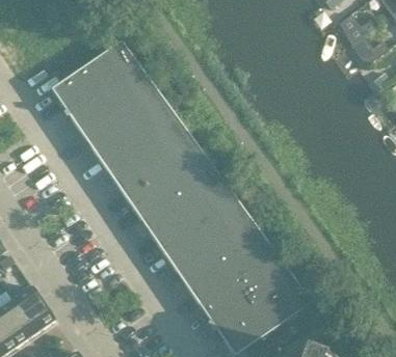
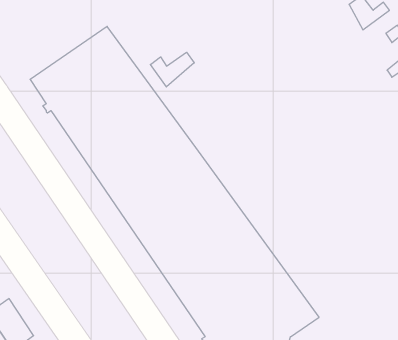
building: none -> [150,52,194,87]

